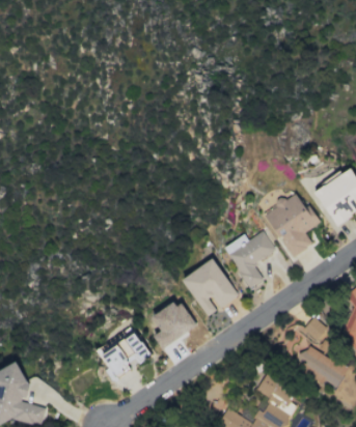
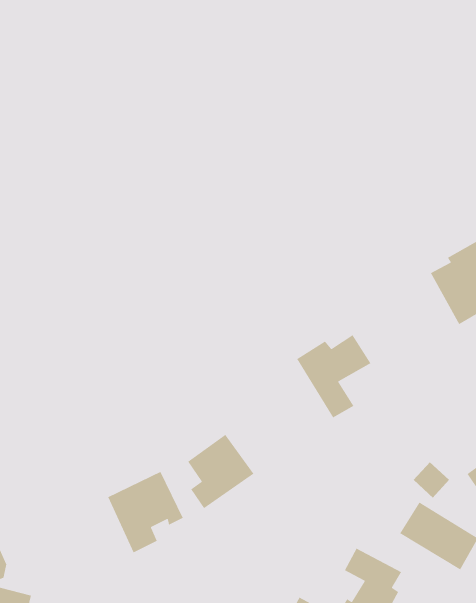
building: [263,191,319,257] -> none
building: [182,258,238,317] -> none

